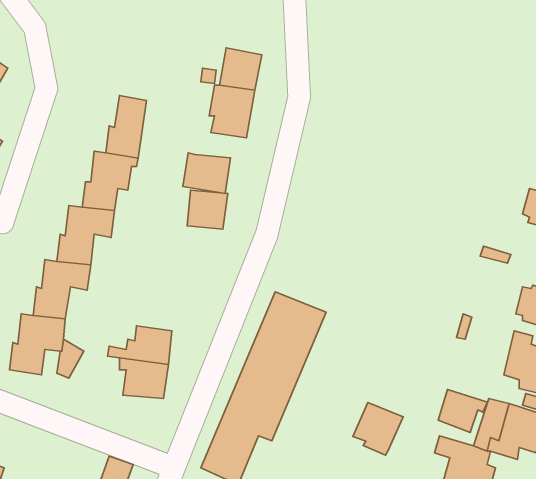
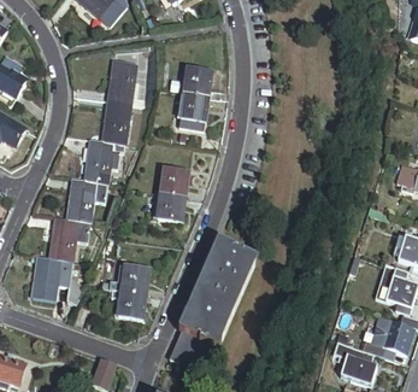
building: none -> [107,57,140,104]
building: [183,153,230,193] -> [148,191,182,220]
building: [438,389,488,433] -> none
building: [353,403,403,455] -> none

